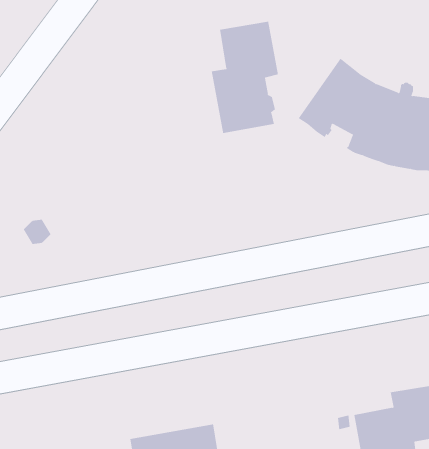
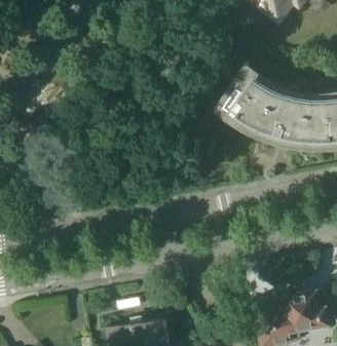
building: [211,21,279,134] -> none

